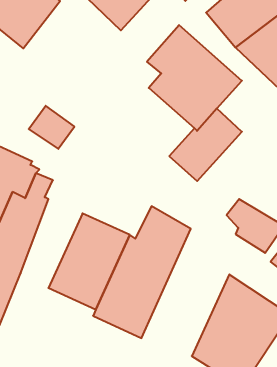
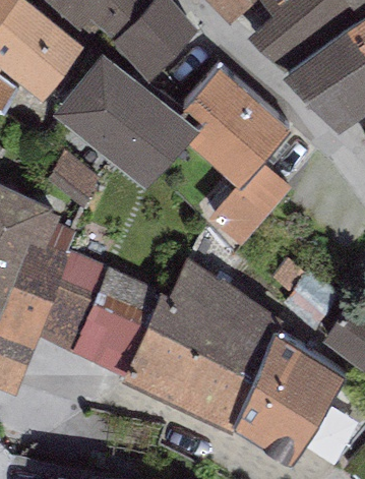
building: none -> [53,35,199,170]
building: none -> [40,255,110,356]
building: none -> [177,289,285,441]

